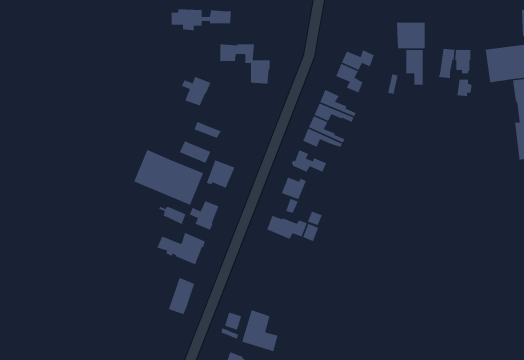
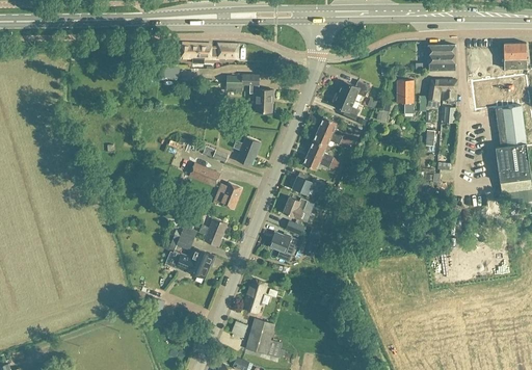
building: [396,22,426,49] -> [428,45,455,70]
building: [181,76,211,106] -> [233,137,261,165]
building: [133,149,204,206] -> none
building: [168,277,195,315] -> [242,278,267,313]

